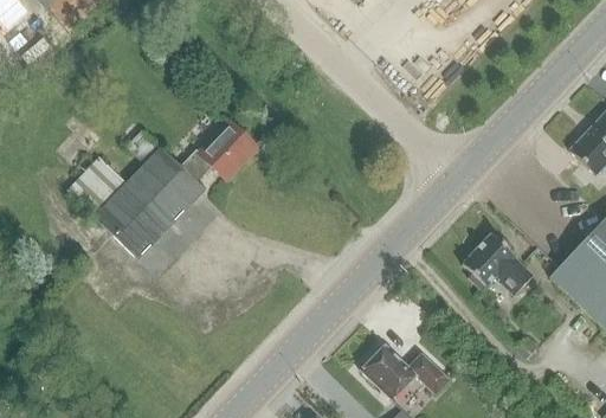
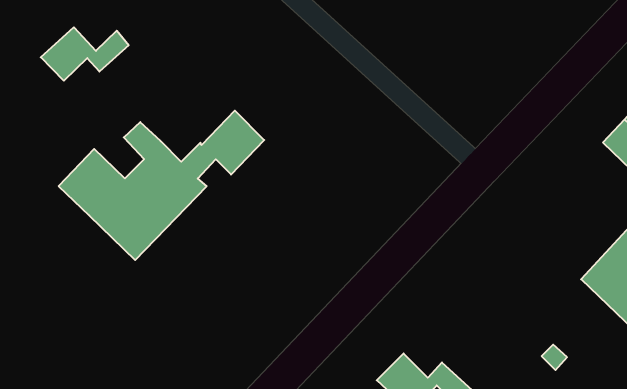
building: none -> [41,27,129,81]
building: [463,233,534,295] -> none

